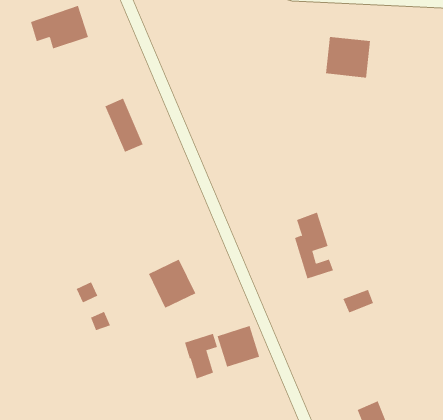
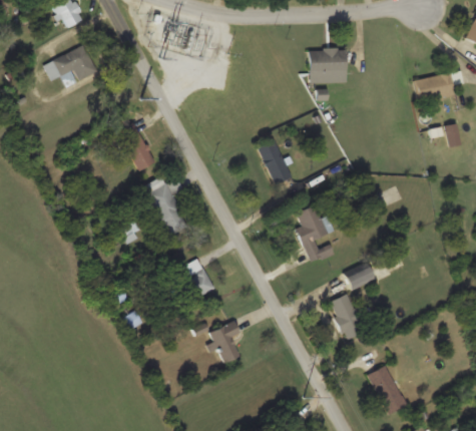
building: none -> [258,139,292,184]
building: none -> [146,176,188,236]
building: none -> [328,294,367,339]
building: [217,325,260,368] -> none

